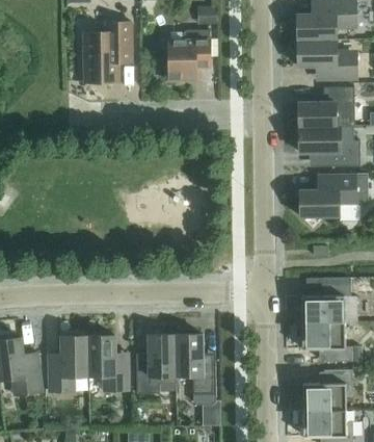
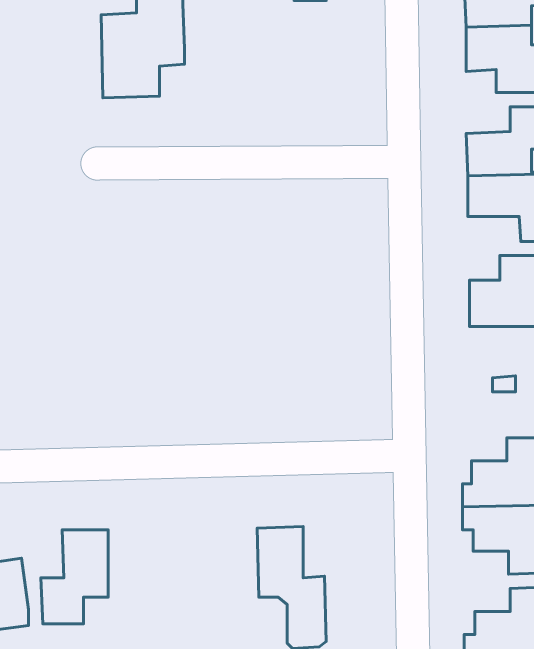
building: [166,30,211,80] -> none
building: [136,335,177,394] -> none
building: [88,336,129,390] -> none

